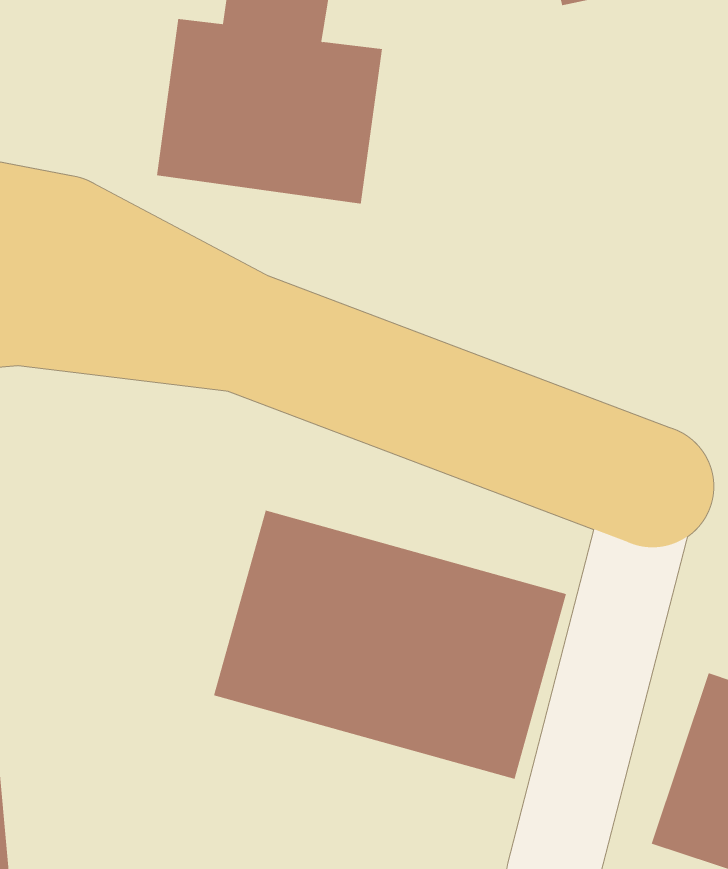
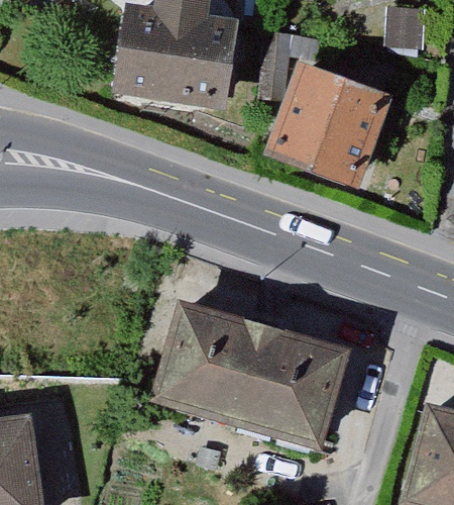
building: none -> [270,69,391,190]

